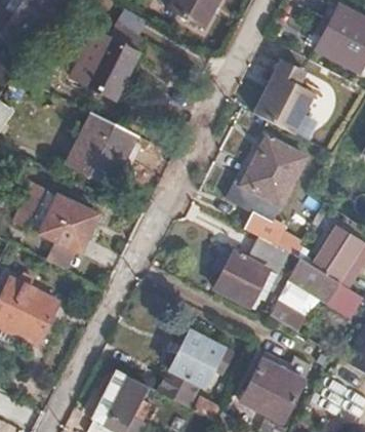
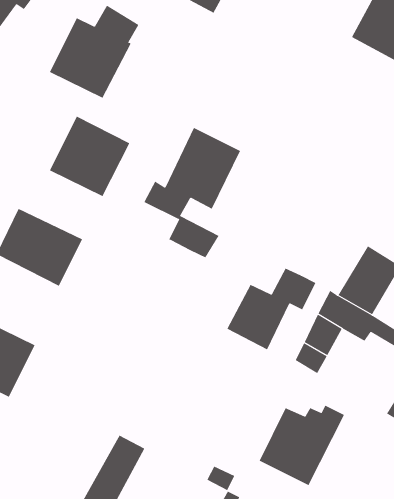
building: [253,61,313,134] -> none
building: [225,136,305,244] -> [144,127,241,258]
building: [157,329,224,409] -> none

